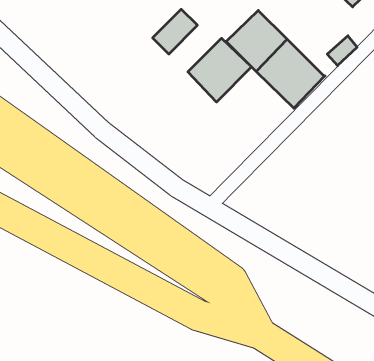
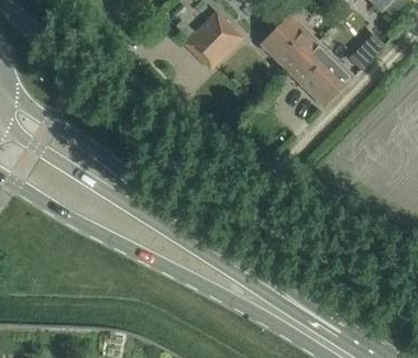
building: [188,38,252,102] -> none

